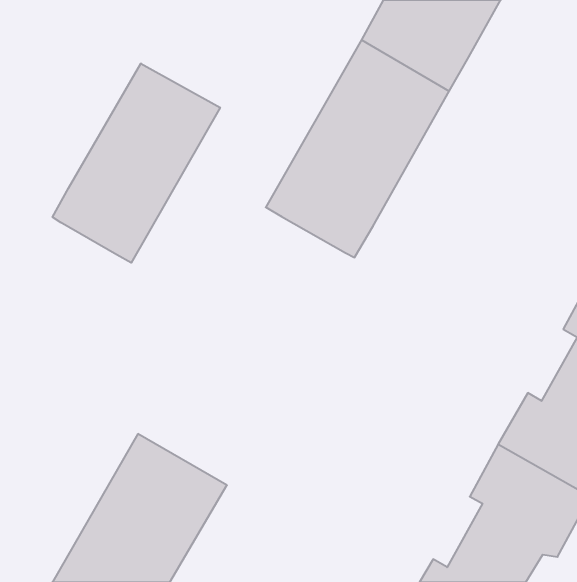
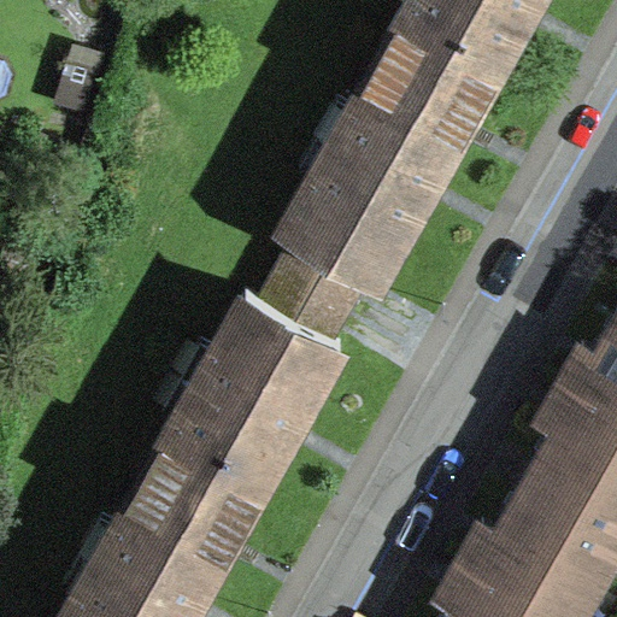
building: [53,63,220,263] -> none
building: none -> [152,229,371,513]

